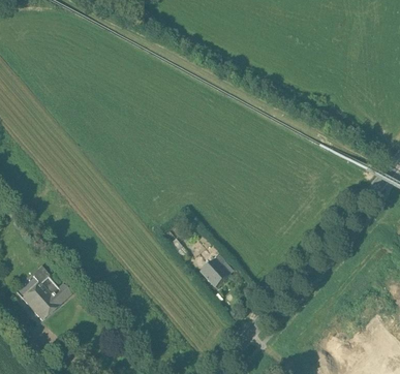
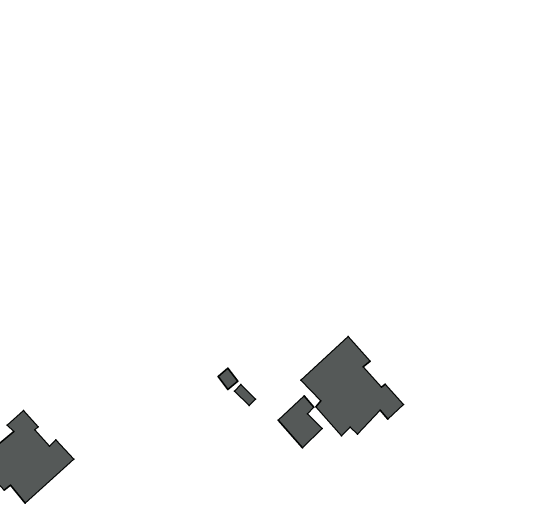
building: none -> [301,336,404,436]

